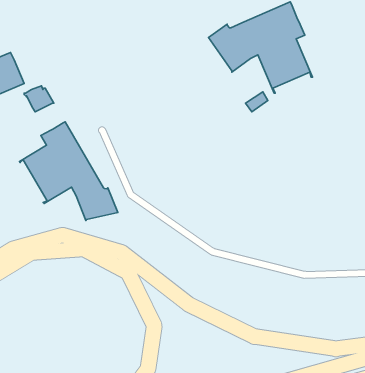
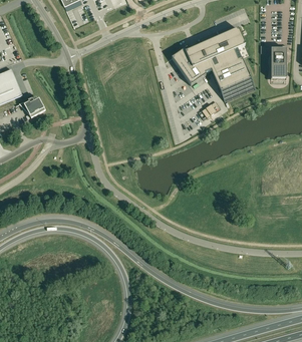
building: none -> [271,44,286,77]
building: [19,122,118,220] -> none

